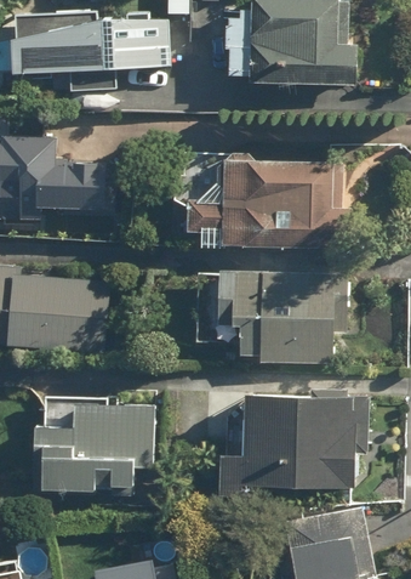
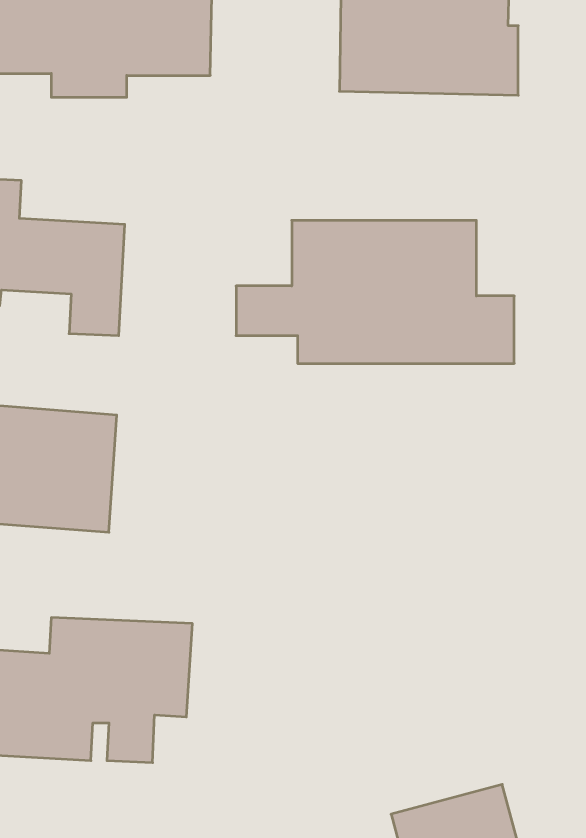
building: [216,268,347,363] -> none
building: [221,396,370,490] -> none

